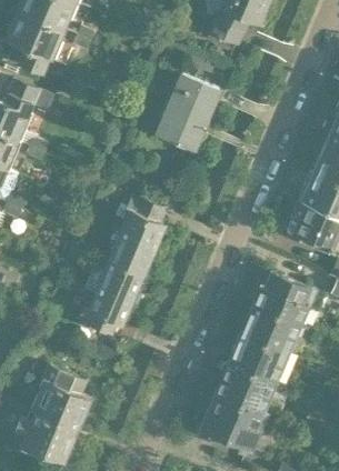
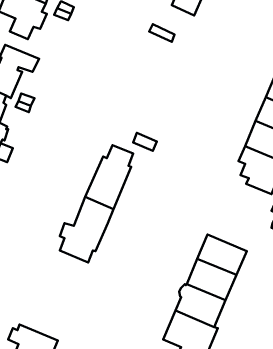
building: [158,76,220,150] -> none
building: [252,272,321,323] -> none
building: [31,367,89,429] -> none

